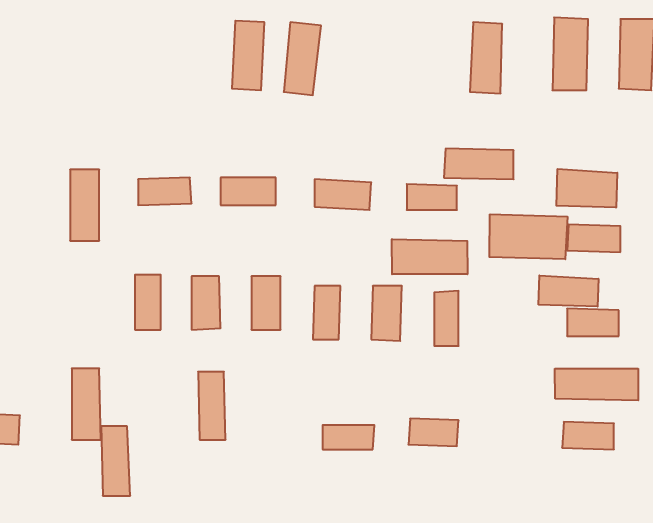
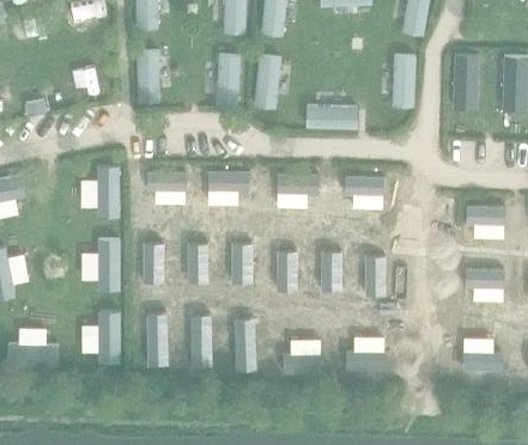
building: none -> [135,50,158,102]
building: [444,149,514,179] -> [304,108,356,130]
building: [556,169,617,208] -> none
building: [489,214,567,259] -> none
building: [392,239,467,274] -> none
building: none -> [97,239,120,292]
building: [539,275,598,307] -> none
building: [555,369,638,400] -> none
building: none -> [232,318,256,368]
building: [101,426,130,496] -> [146,313,168,365]

